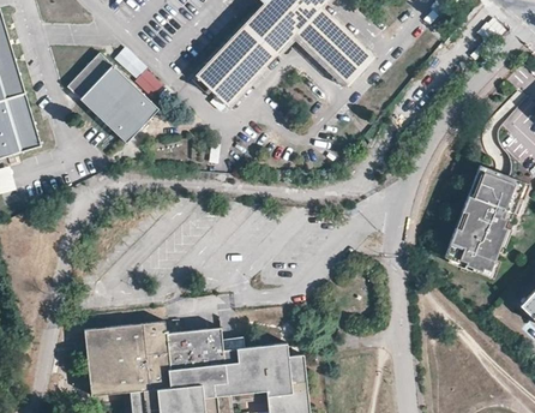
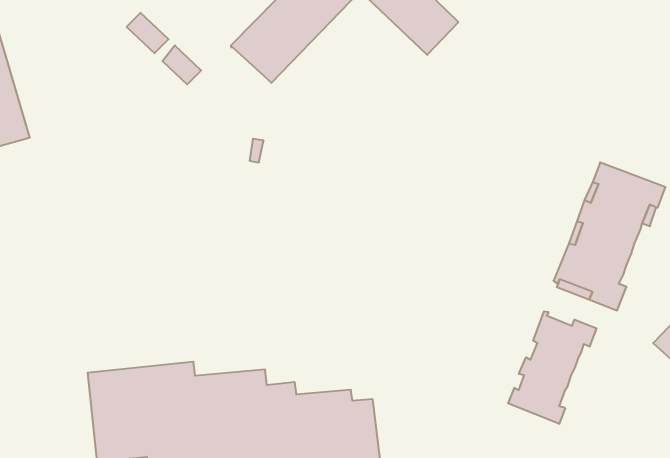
building: [67,53,156,142] -> none
building: none -> [508,311,597,424]

